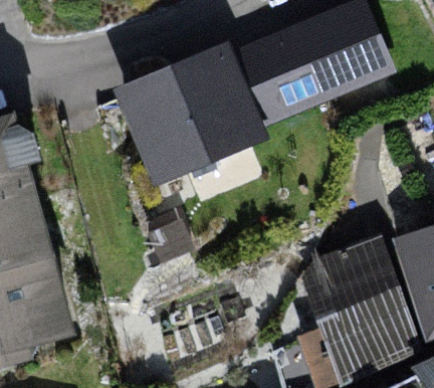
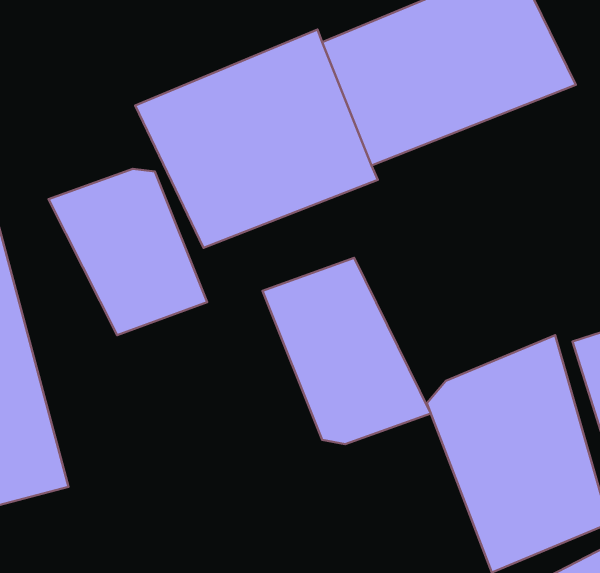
building: none -> [49,169,207,335]
building: none -> [262,258,431,444]

